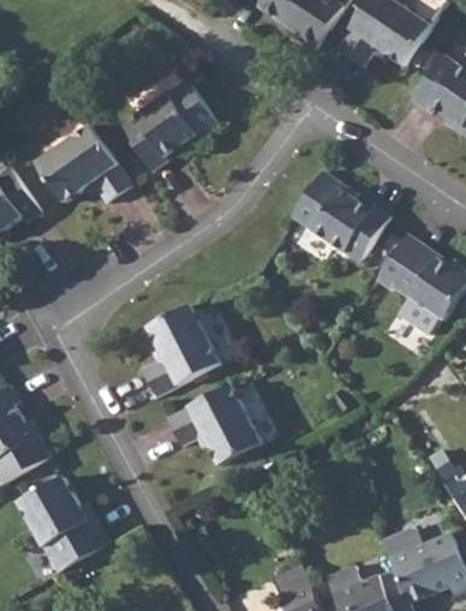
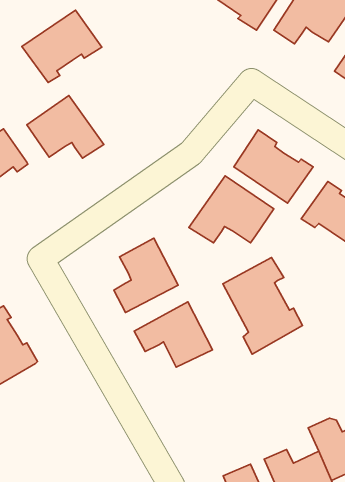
building: [119,84,217,173] -> [22,10,102,83]
building: none -> [189,176,274,243]
building: none -> [223,257,302,354]
building: [18,477,110,570] -> none

